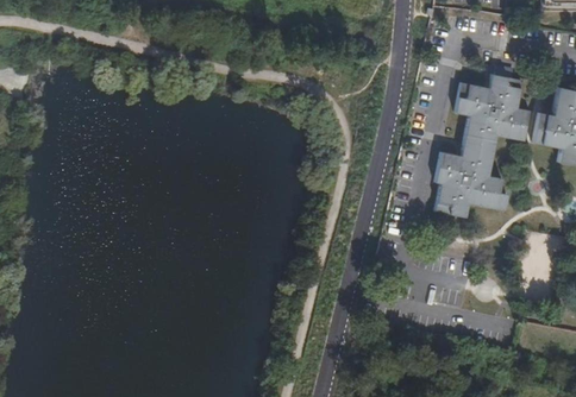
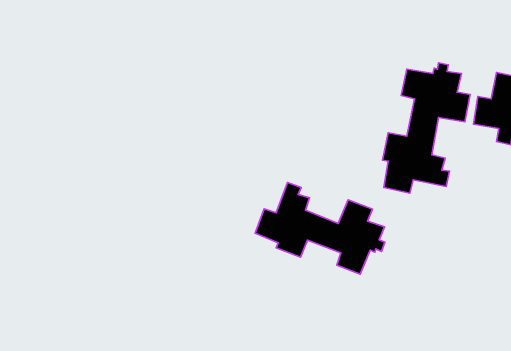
building: none -> [255,182,385,274]

